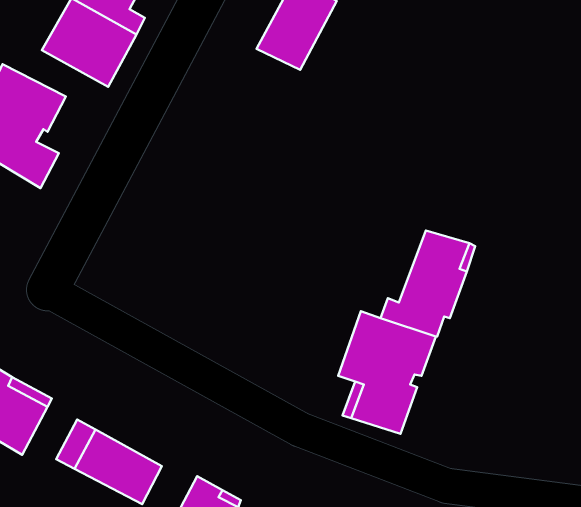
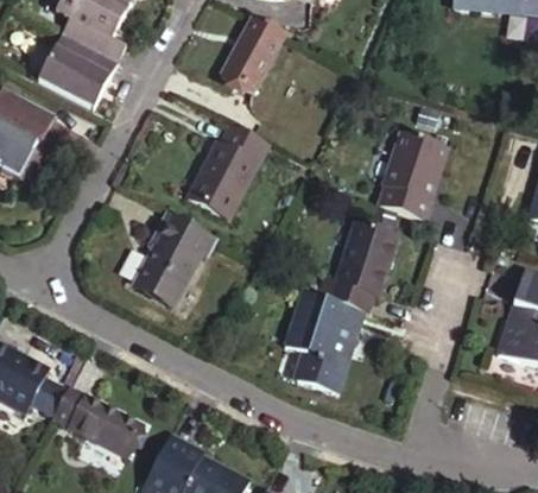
building: none -> [190,122,272,216]
building: none -> [379,133,450,221]
building: none -> [129,209,214,302]

